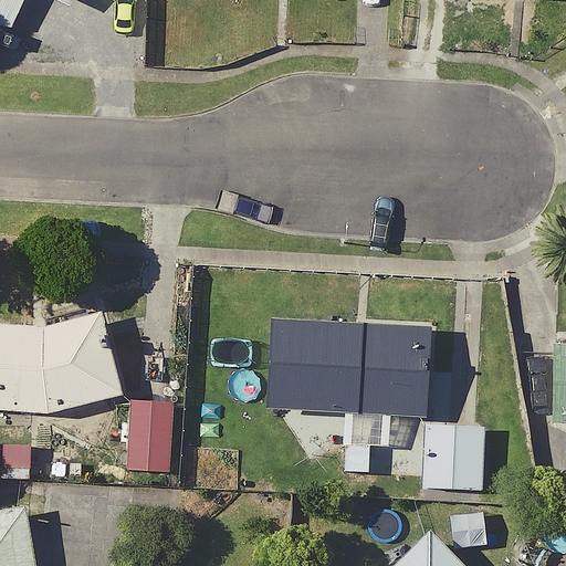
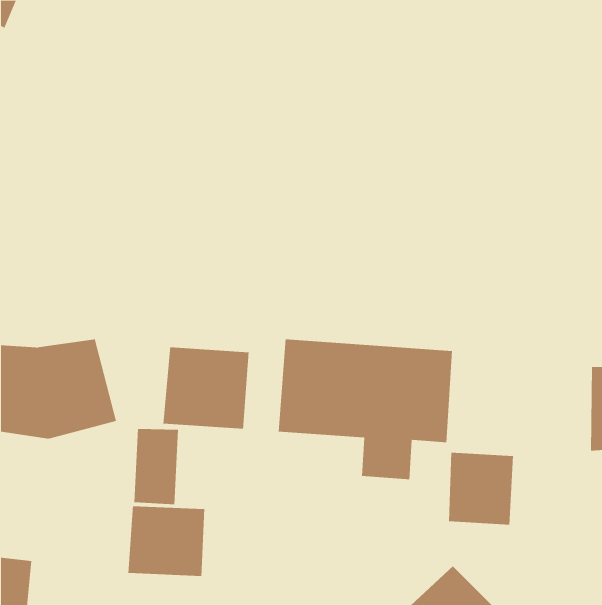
building: none -> [163,347,249,430]
building: none -> [128,506,205,577]

